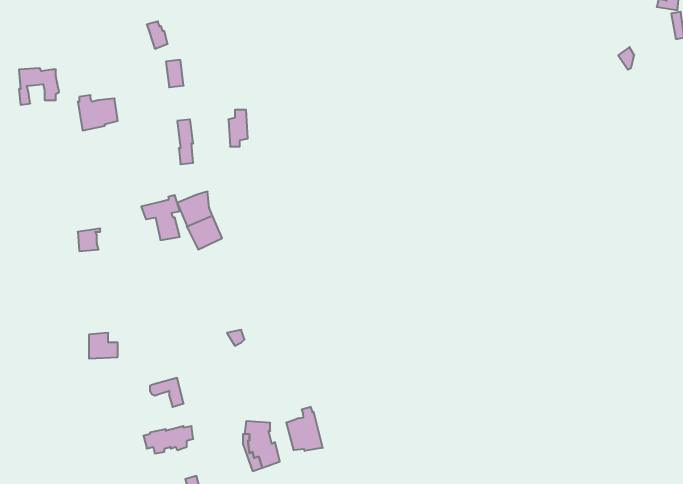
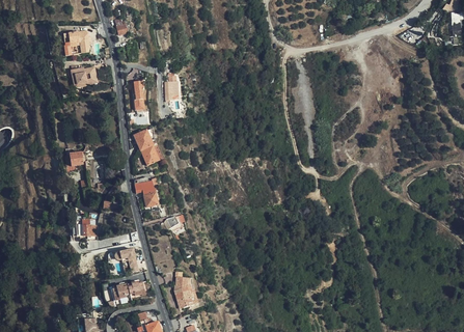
building: [19,68,59,105] -> [63,31,89,55]
building: [141,195,180,240] -> [133,177,158,206]
building: [286,407,323,451] -> none

